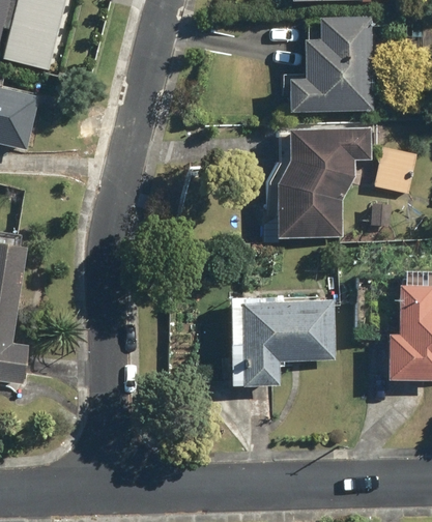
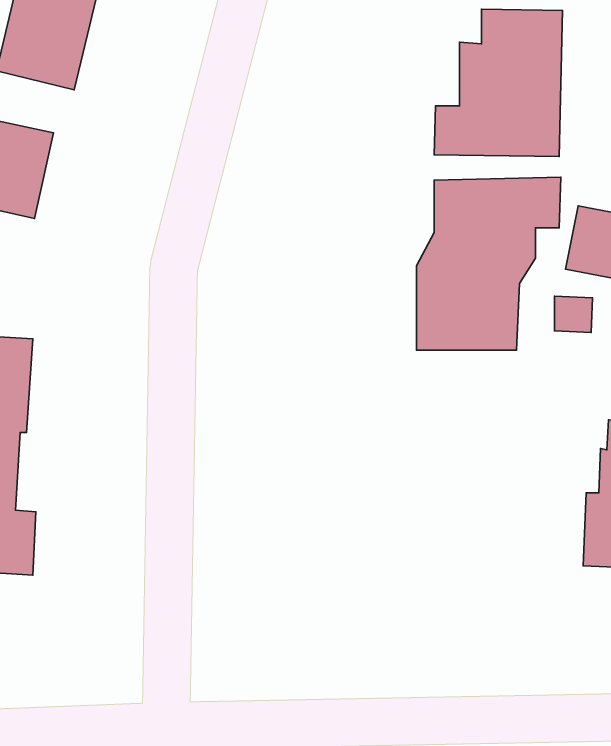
building: [228,296,334,387] -> none

